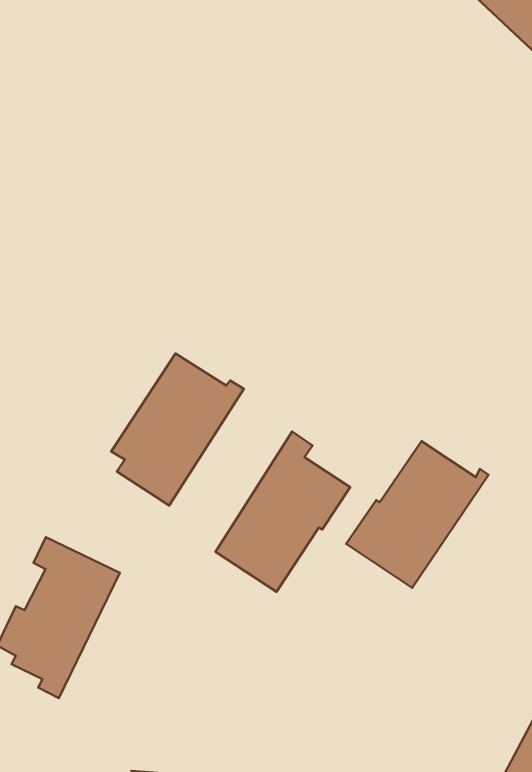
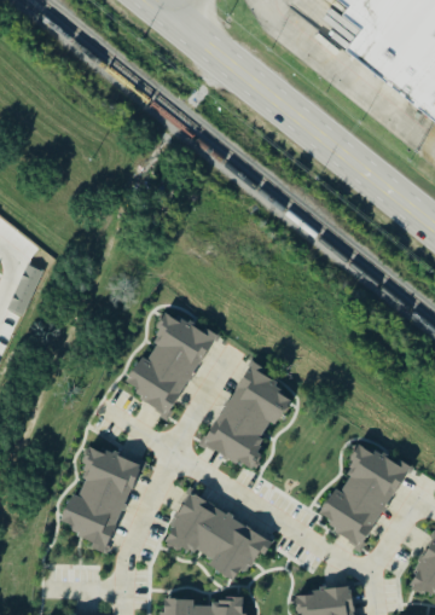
building: [346,441,488,588] -> [317,445,410,545]
building: none -> [164,492,272,581]

